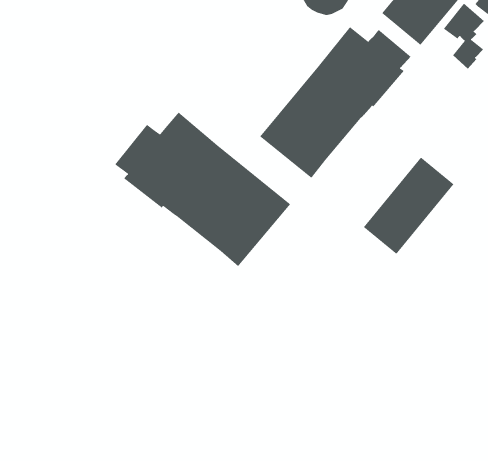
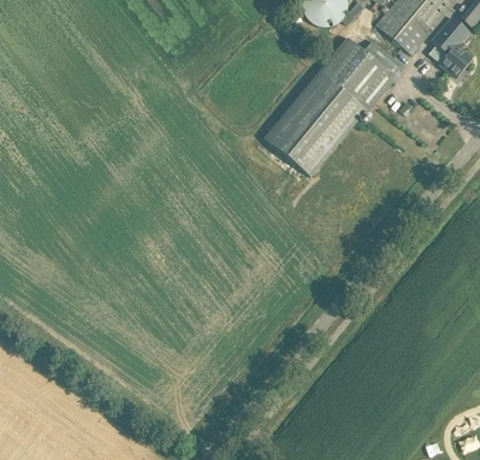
building: [114,112,291,267] -> none
building: [363,157,454,255] -> none

